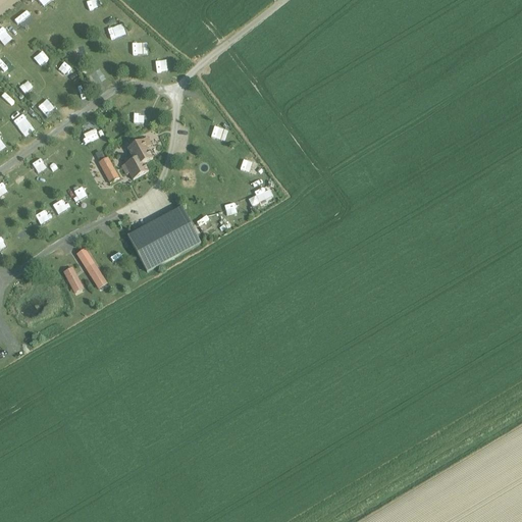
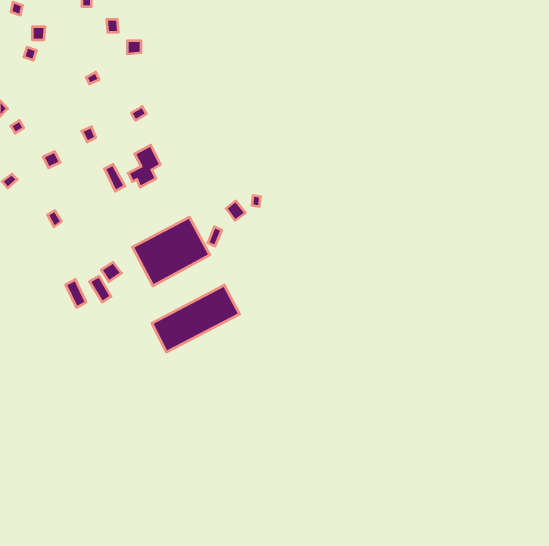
building: none -> [152,285,240,352]

